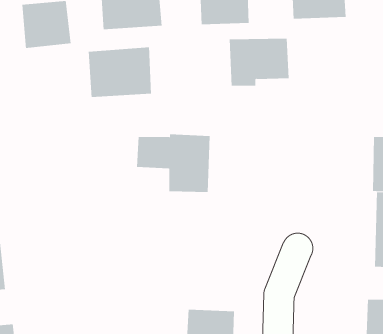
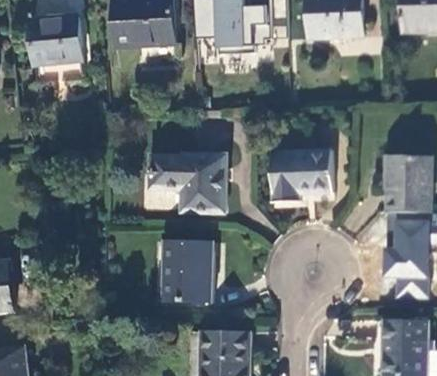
building: [229,38,290,86] -> [270,153,332,202]
building: [88,46,151,98] -> none
building: none -> [162,243,214,304]

